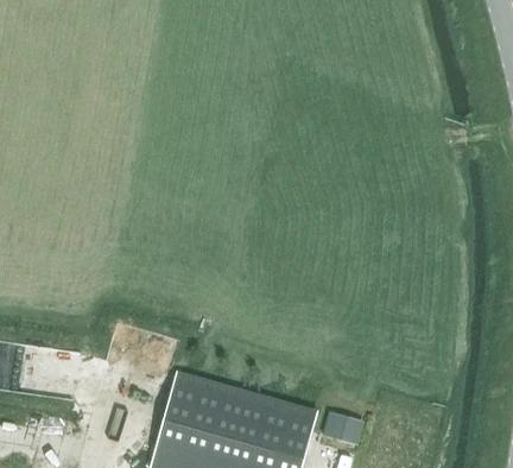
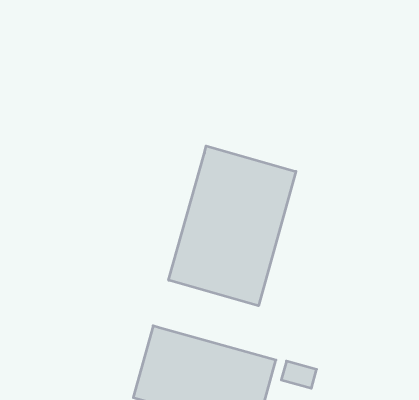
building: none -> [169,146,296,306]

